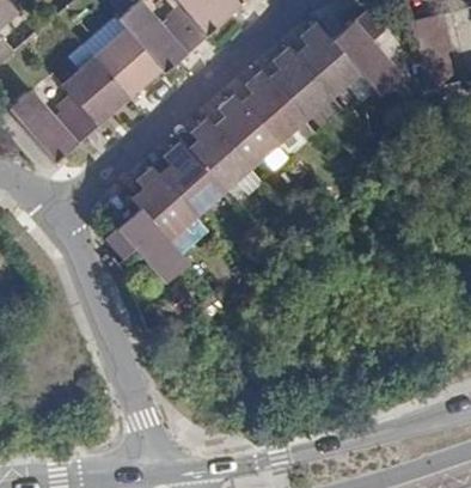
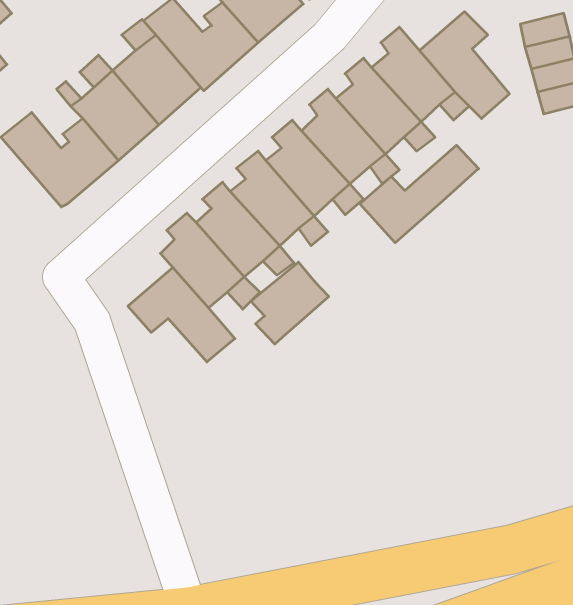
building: none -> [360,145,479,243]
building: none -> [251,262,329,344]

